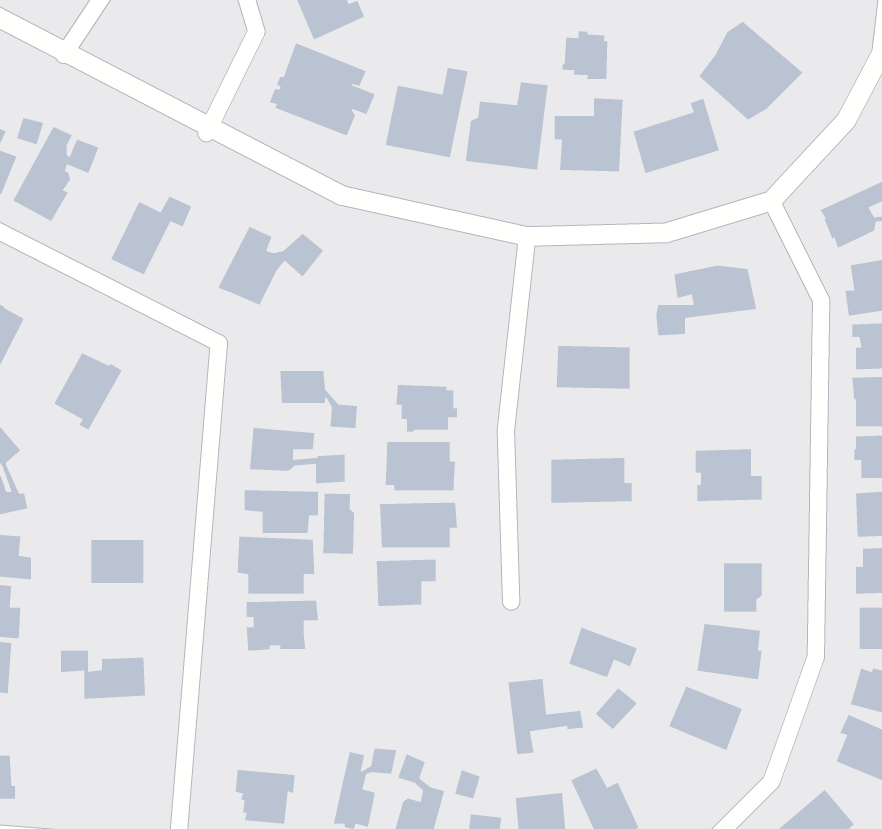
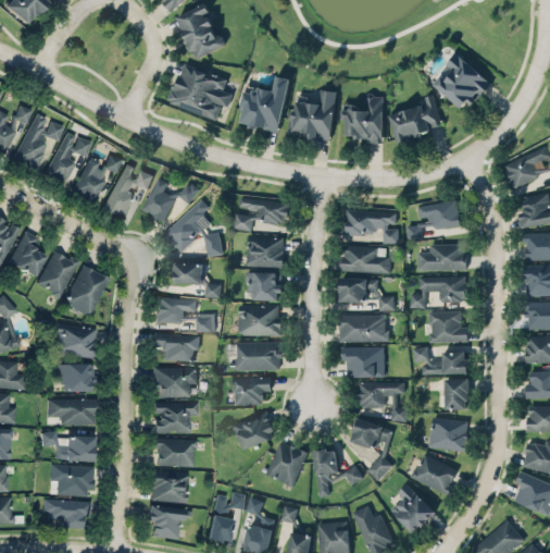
building: [562,31,608,80] -> none
building: none -> [45,134,91,187]
building: none -> [103,162,154,217]
building: none -> [234,198,288,232]
building: none -> [163,199,224,257]
building: none -> [346,209,399,244]
building: none -> [10,233,45,278]
building: none -> [248,236,285,268]
building: none -> [417,244,466,272]
building: none -> [64,268,108,318]
building: none -> [340,275,396,311]
building: none -> [411,276,466,308]
building: none -> [54,327,96,359]
building: [322,493,355,555] -> none
building: none -> [341,346,386,378]
building: none -> [414,348,468,376]
building: none -> [358,383,408,422]
building: none -> [48,401,98,426]
building: none -> [230,407,276,452]
building: none -> [154,440,197,468]
building: none -> [267,443,308,487]
building: none -> [50,465,95,496]
building: none -> [151,471,189,504]
building: none -> [391,482,438,534]
building: none -> [43,500,91,529]

